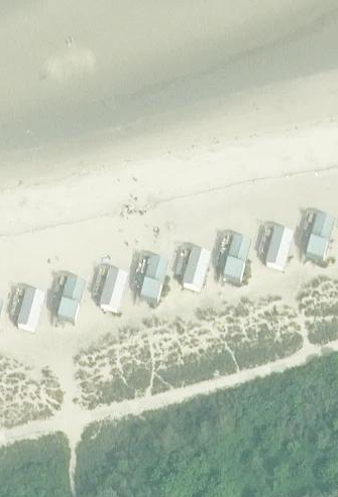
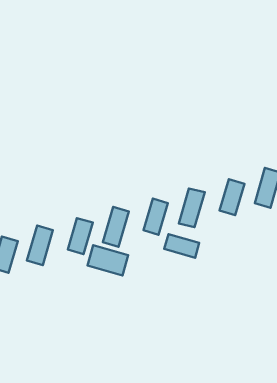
building: none -> [164,234,199,258]
building: none -> [87,245,128,276]

